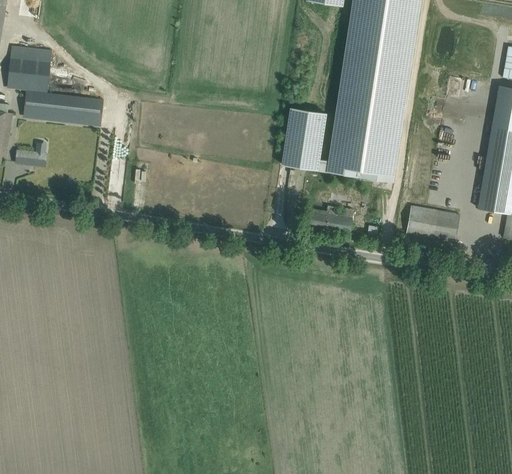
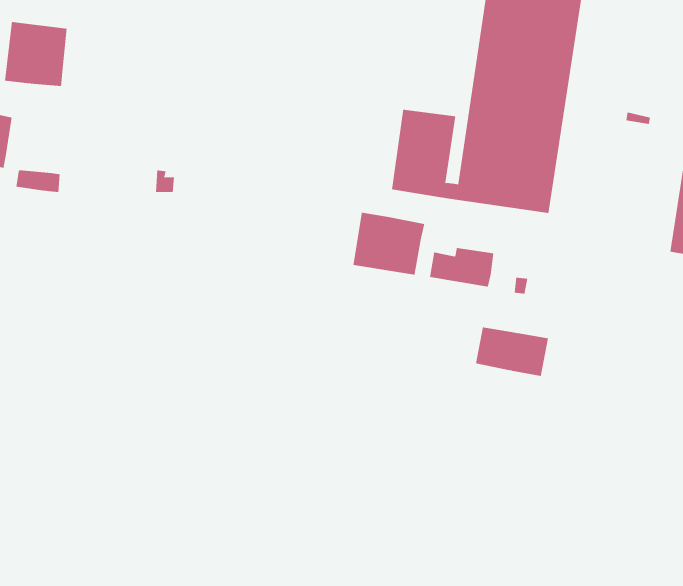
building: [24,92,104,126] -> none
building: none -> [353,212,425,275]
building: [407,207,459,242] -> [475,327,549,376]

